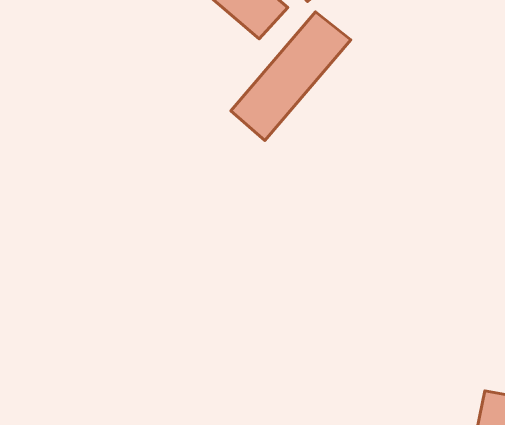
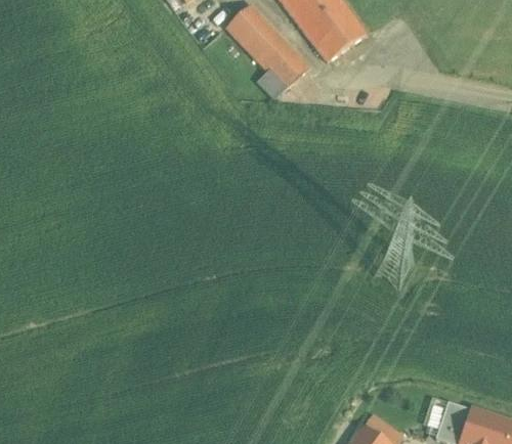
building: [231,12,351,140] -> none

